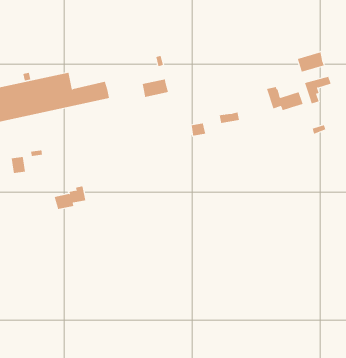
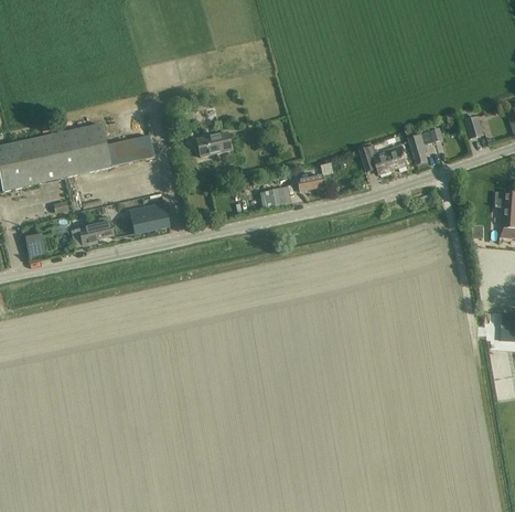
building: [297,51,324,72] -> none
building: none -> [129,202,169,233]
building: [54,186,86,210] -> [71,215,112,246]

